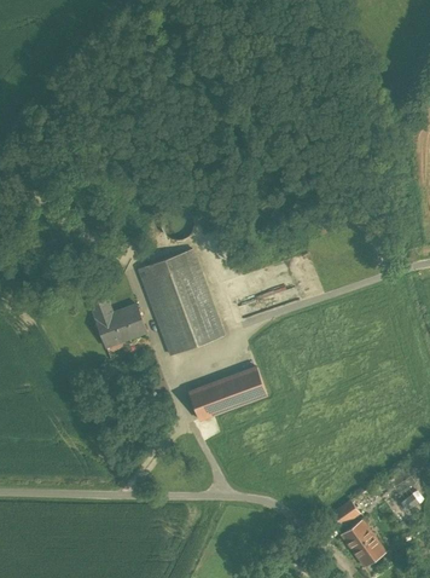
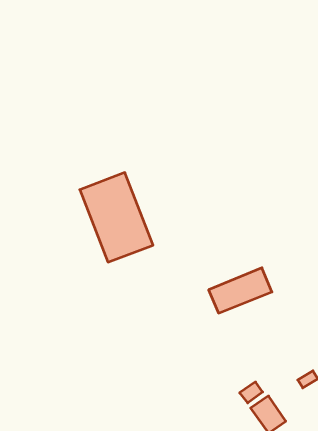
building: [92,297,146,343] -> none
building: [188,366,265,421] -> [209,268,272,313]

